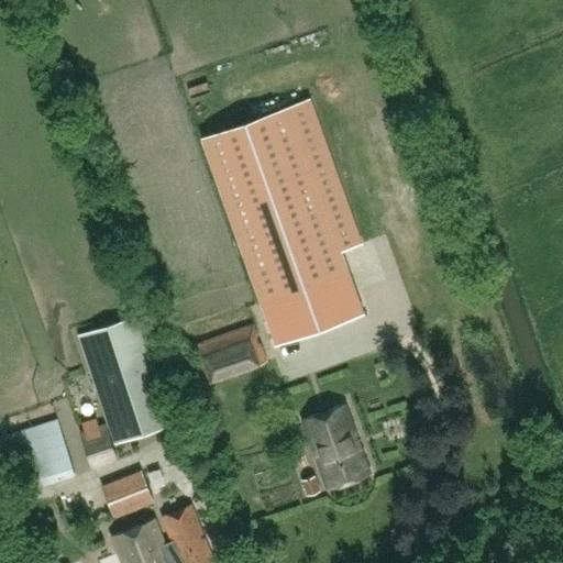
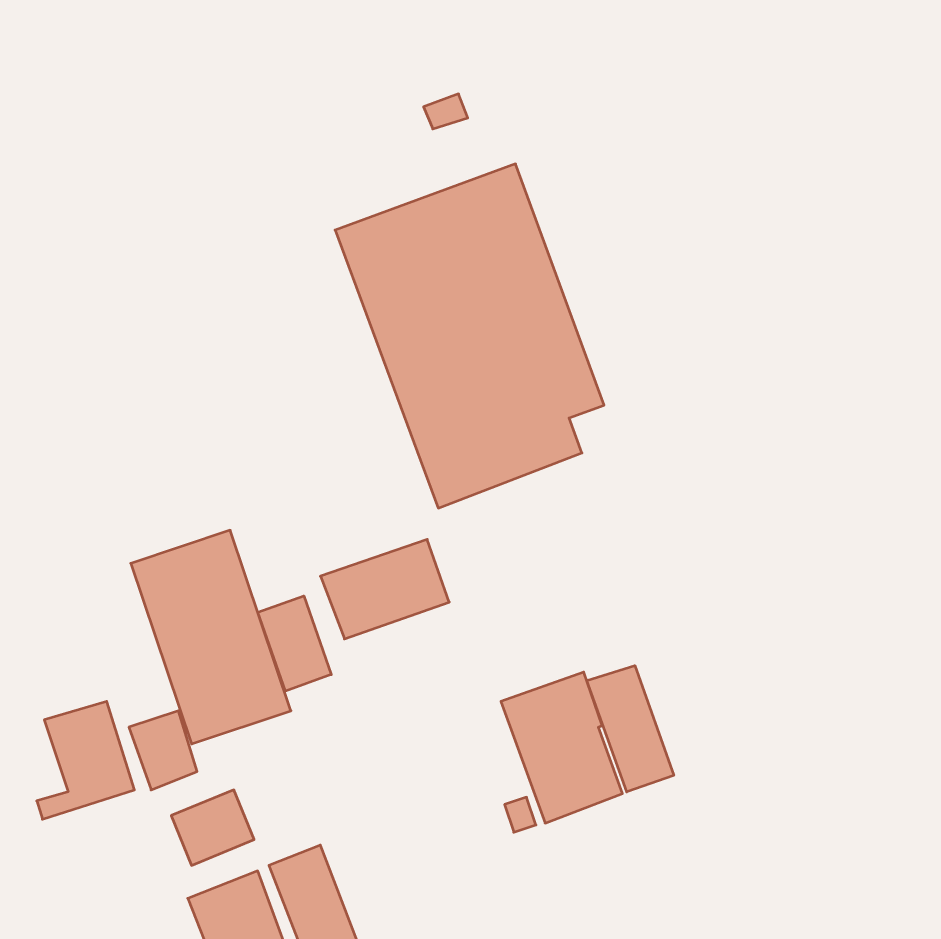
building: [262,272,363,344] -> none
building: none -> [258,596,331,691]
building: none -> [587,666,674,792]

